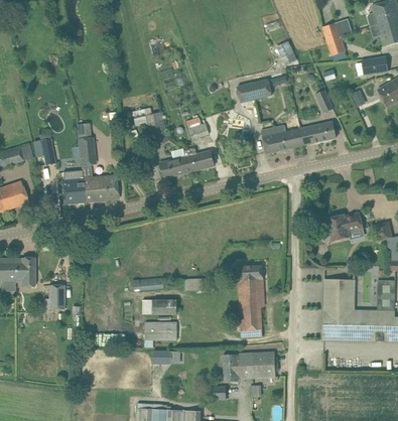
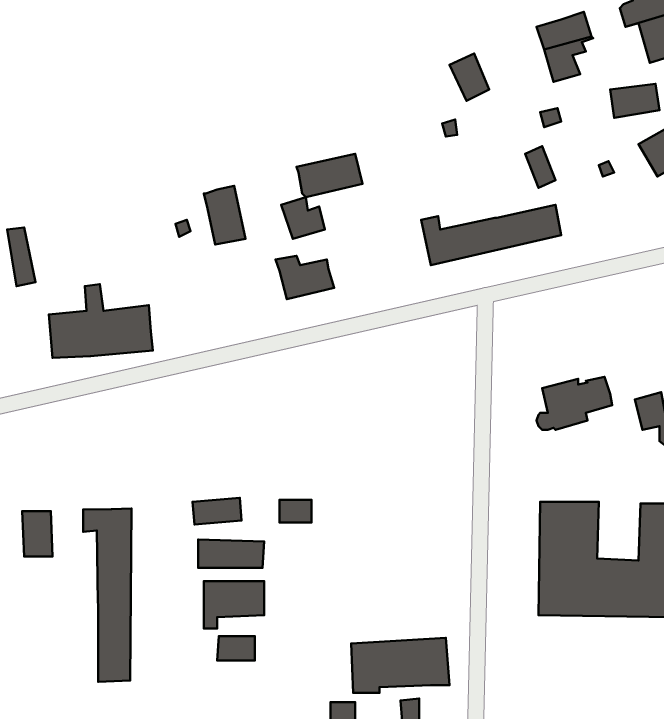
building: [237,79,272,102] -> [296,154,363,197]
building: [78,136,97,164] -> none
building: [160,156,189,178] -> none
building: [235,265,264,330] -> none
building: none -> [83,509,131,682]

